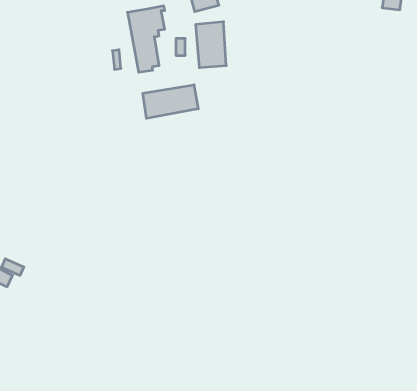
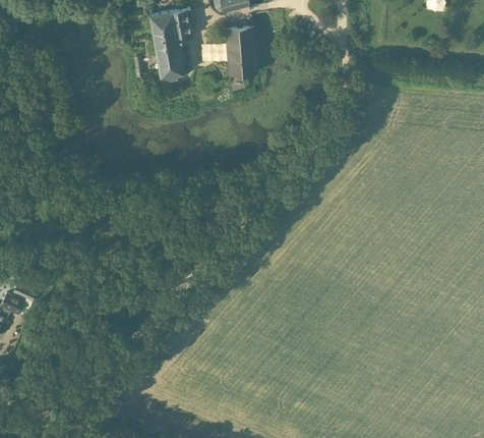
building: [143,85,198,118] -> none

